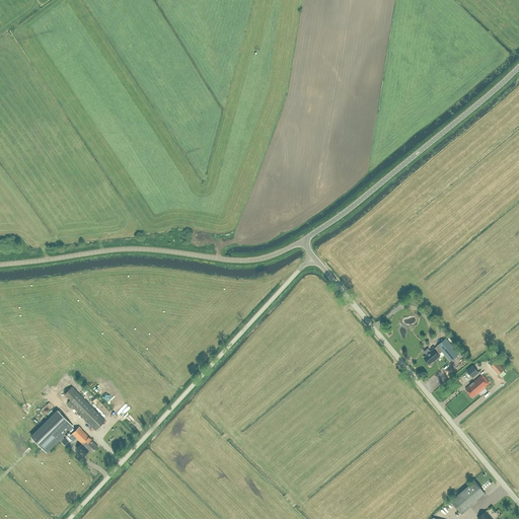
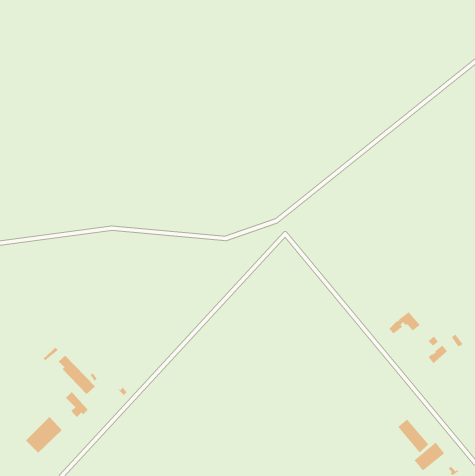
building: [30,411,71,451] -> [25,416,62,454]
building: none -> [397,419,429,453]

